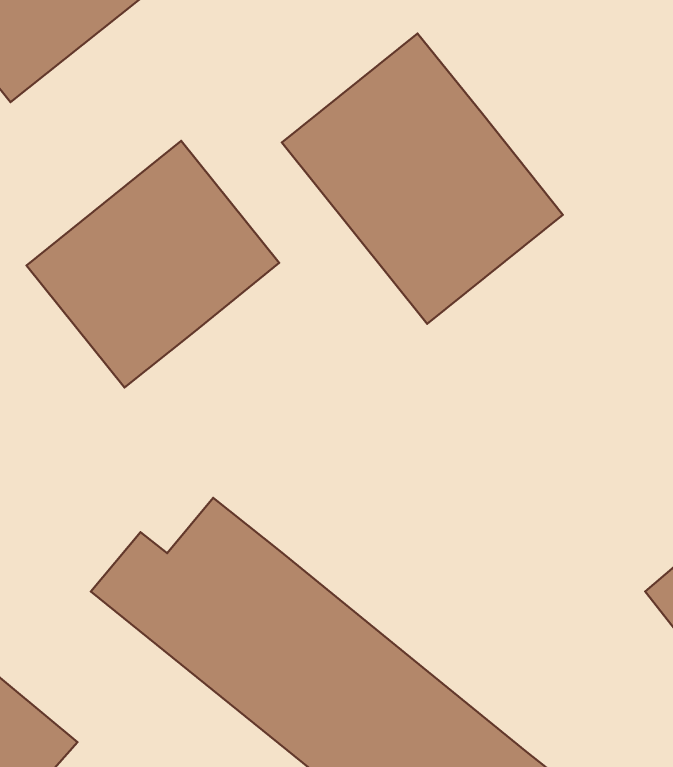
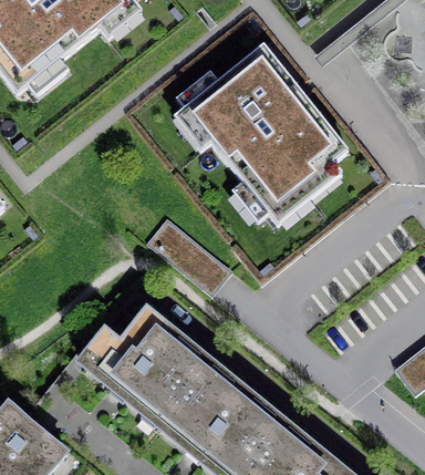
building: [27,141,279,387] -> none

